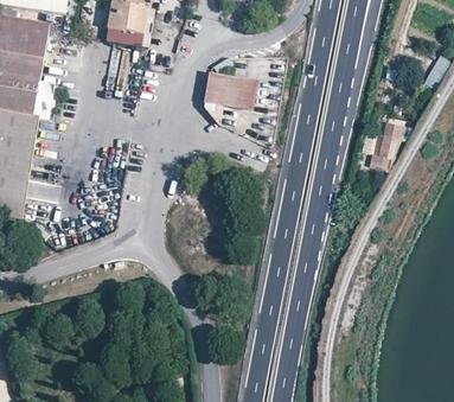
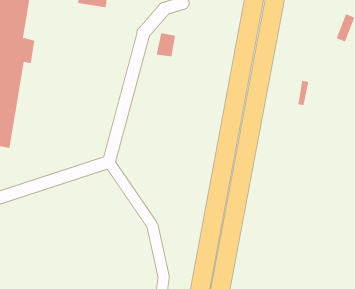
building: [222,74,257,110] -> none

